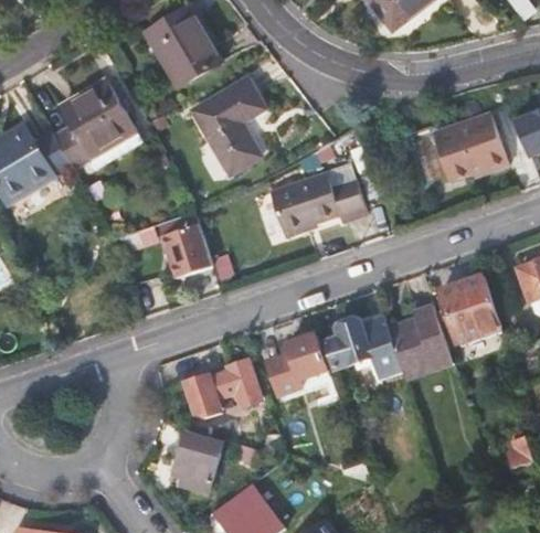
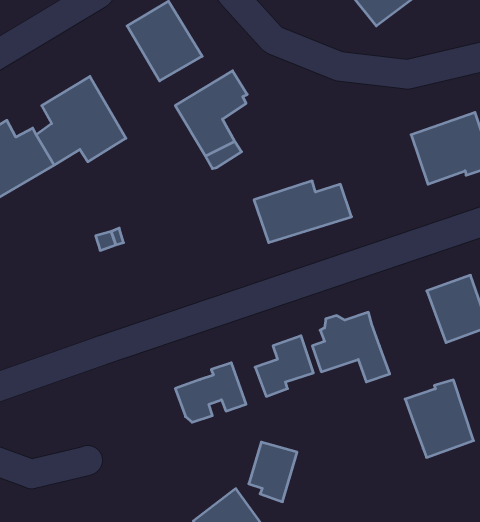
building: [156,209,212,277] -> none
building: [385,303,453,380] -> [405,380,474,457]
building: [173,435,221,493] -> [249,442,297,502]

